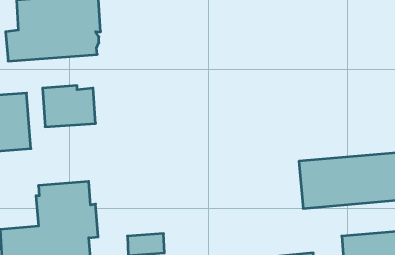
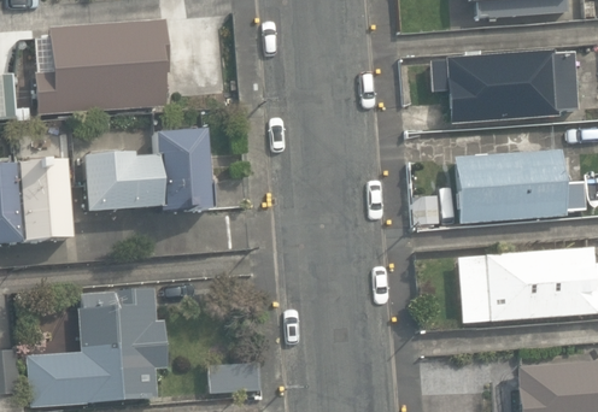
building: none -> [430,48,578,123]
building: none -> [160,126,217,210]
building: none -> [453,148,586,223]

